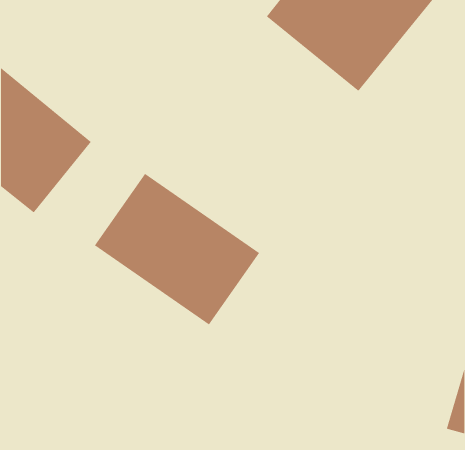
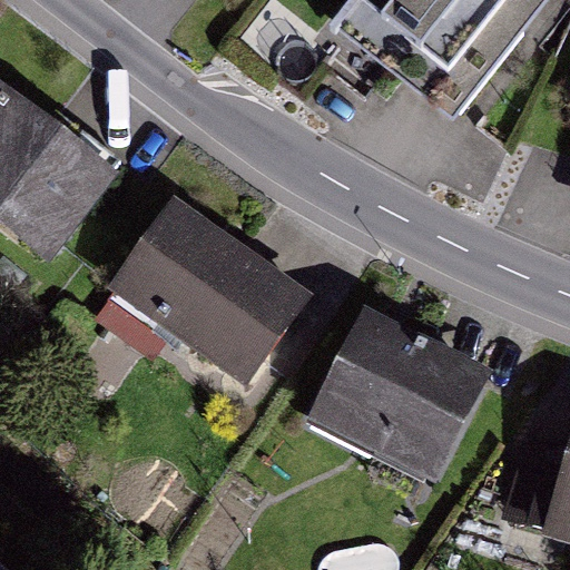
building: none -> [311,311,487,470]

